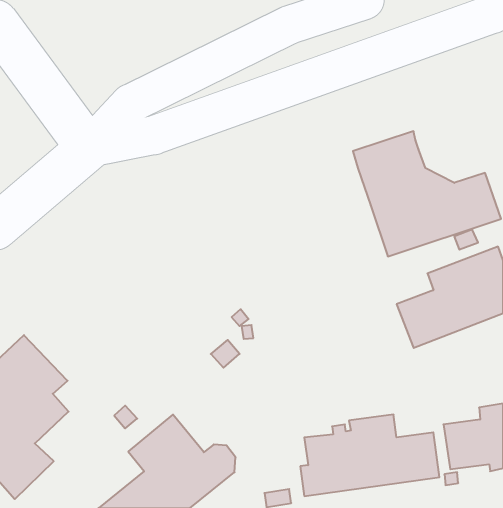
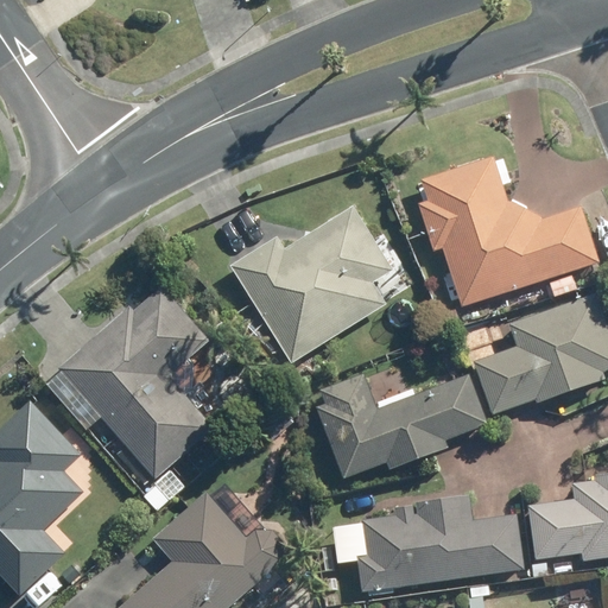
building: none -> [222,205,386,363]
building: none -> [65,287,211,476]
building: none -> [318,376,489,479]

